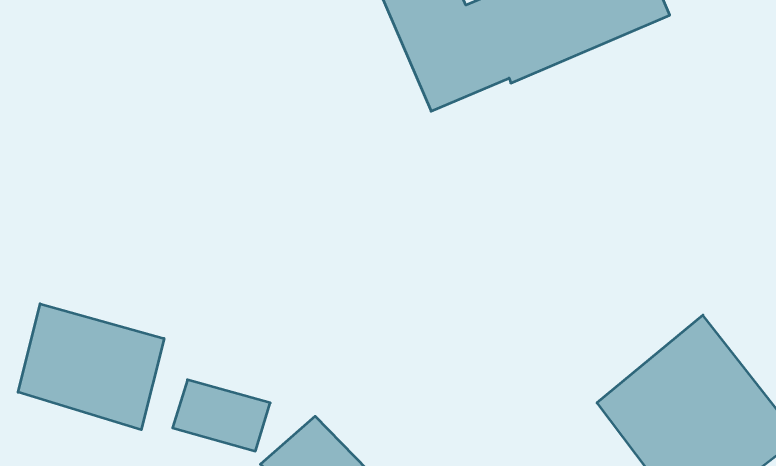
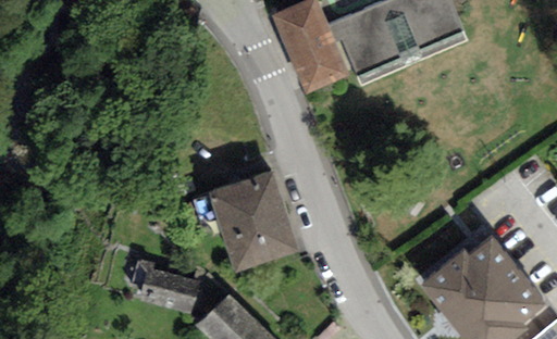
building: none -> [207,171,298,272]
building: [18,304,164,430] -> none

